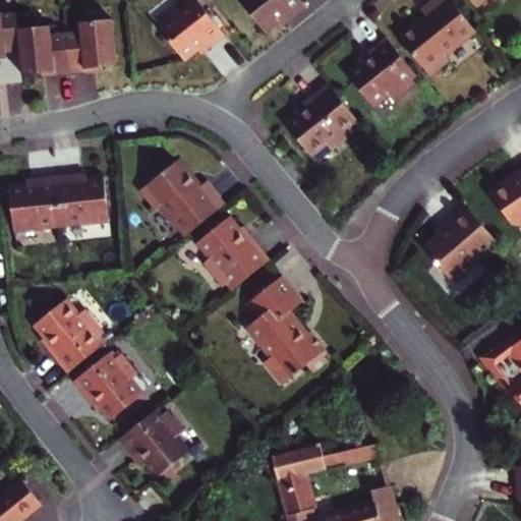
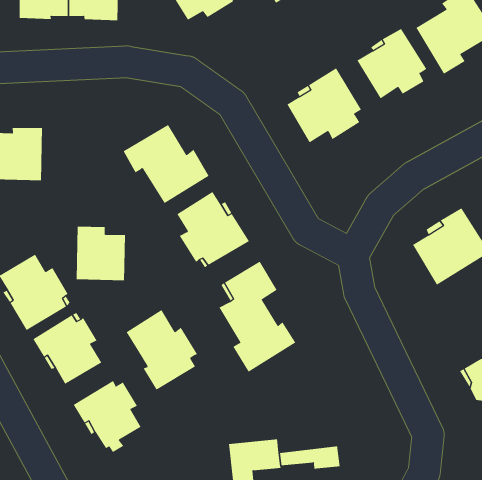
building: [57,175,110,229] -> [76,226,126,281]
building: none -> [126,309,198,391]

